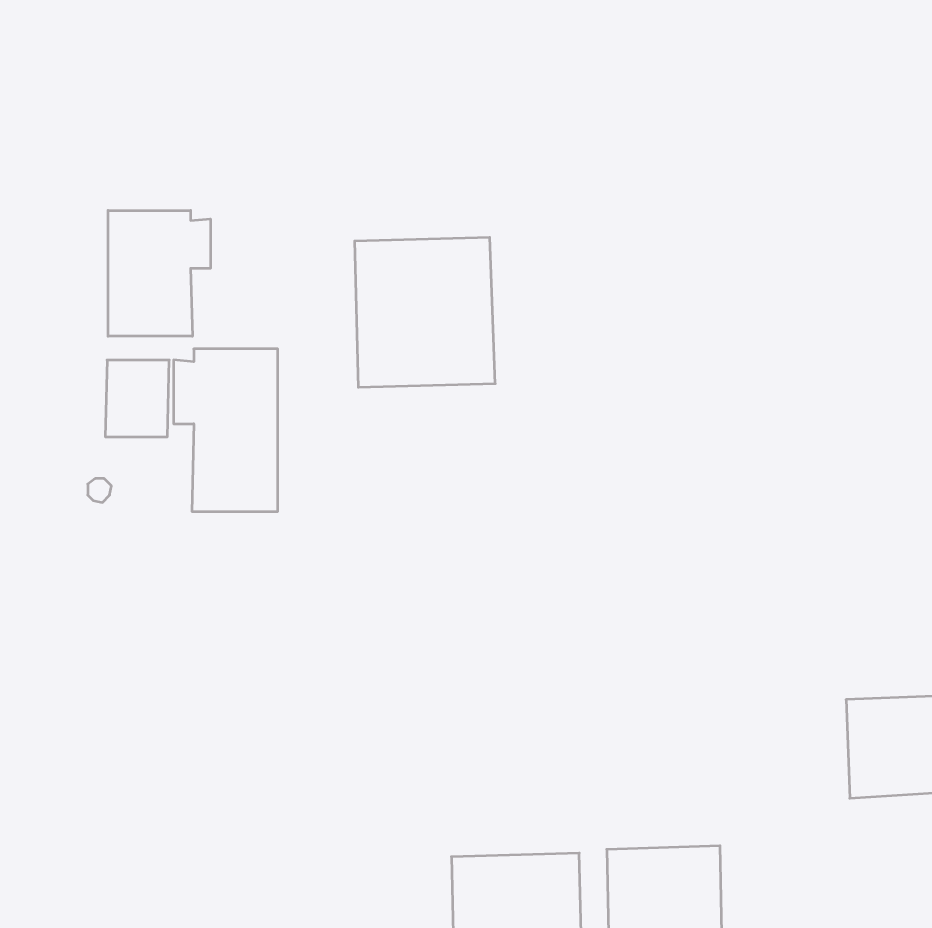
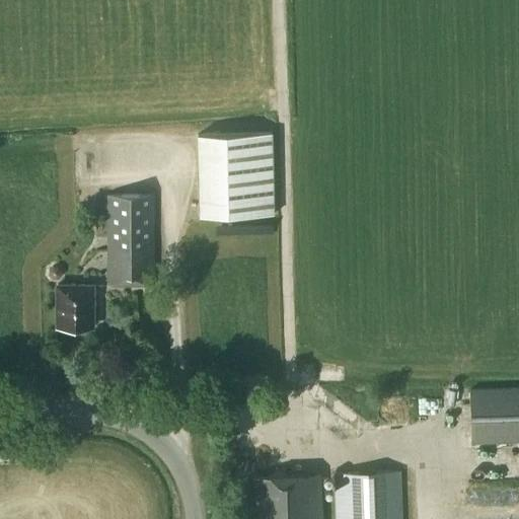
building: [108,210,210,336] -> none
building: [105,360,169,437] -> [59,287,94,329]

